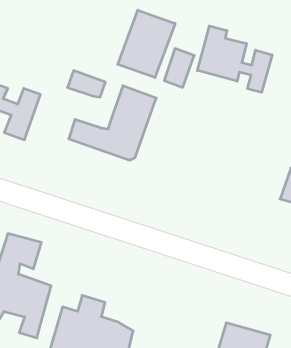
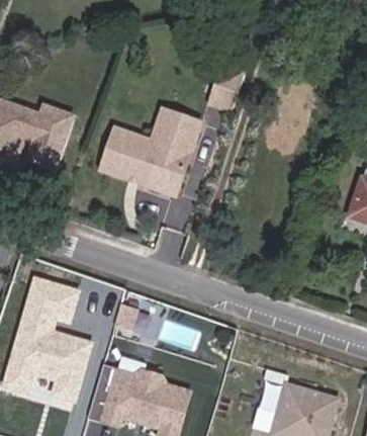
building: [118,10,175,78] -> none
building: [197,26,272,92] -> none
building: [67,71,105,97] -> [111,128,155,159]

